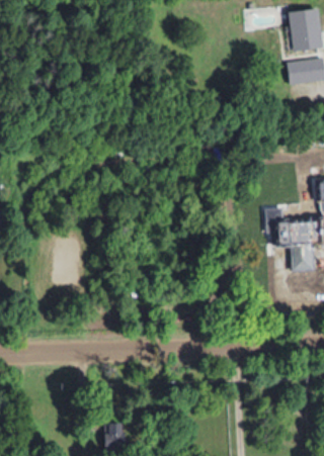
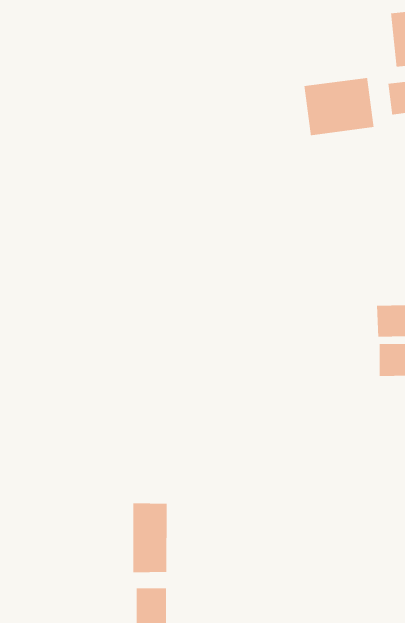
building: none -> [303,77,375,136]
building: none -> [133,503,167,573]

